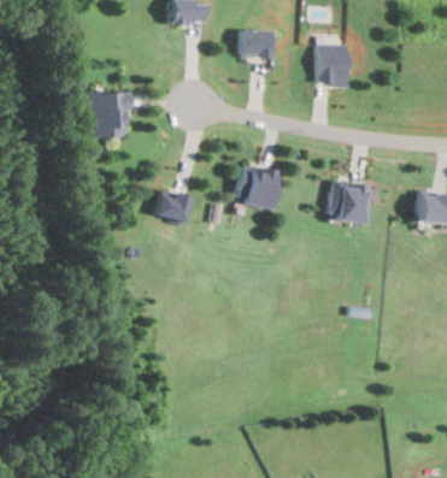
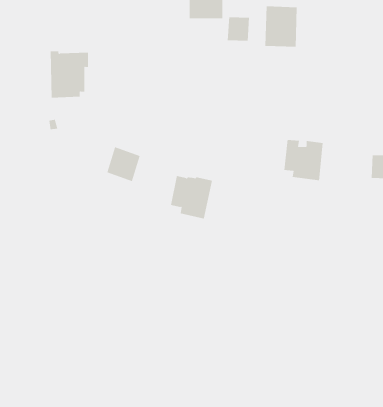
building: none -> [227,17,250,41]
building: [240,165,283,210] -> [170,176,213,219]

